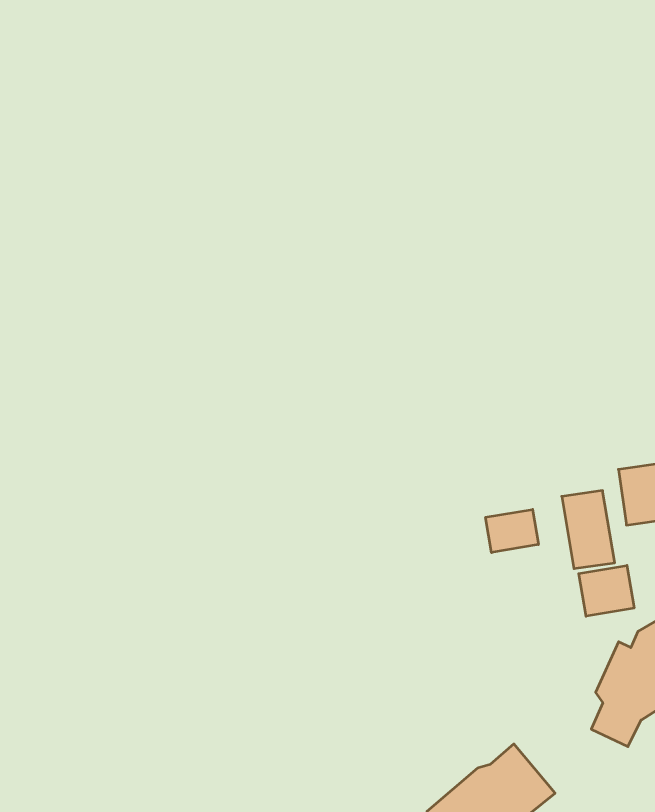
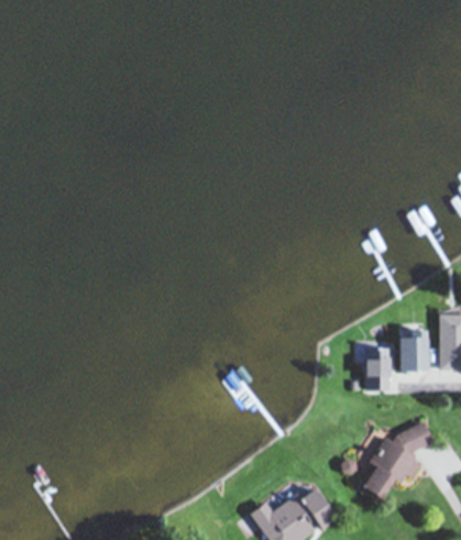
building: [486,509,538,553] -> none
building: [579,565,634,616] -> none

